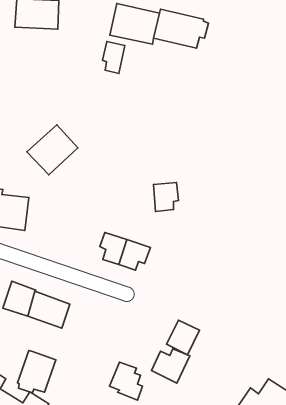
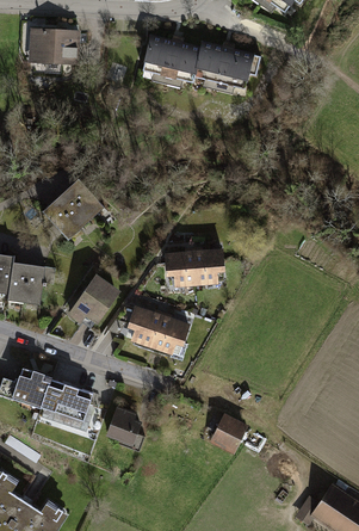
building: [103,42,125,74] -> none
building: none -> [166,251,196,284]
building: none -> [69,278,118,323]
building: [152,349,190,383] -> none
building: [17,350,56,393] -> none
building: [110,362,143,400] -> [106,406,146,451]

